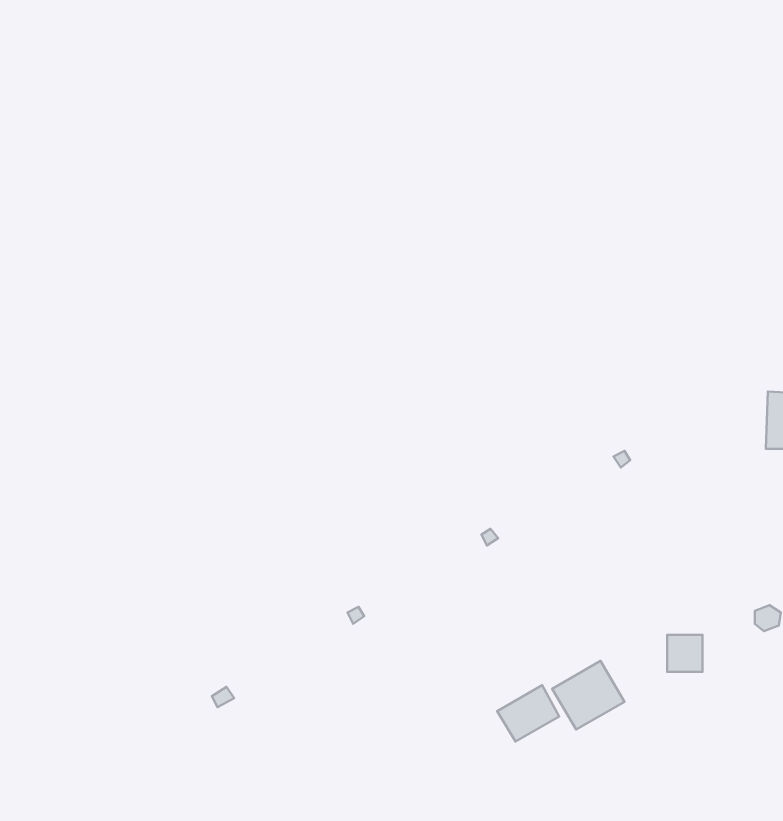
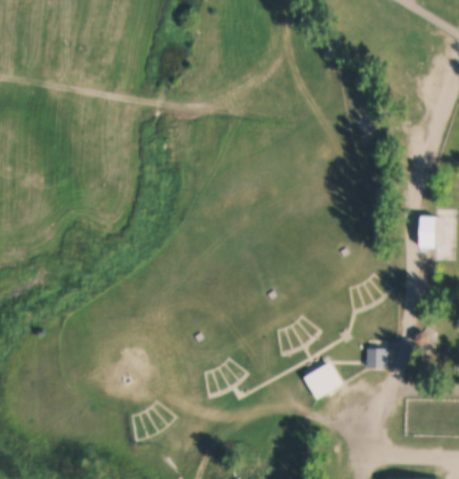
building: [497,685,559,742] -> none

